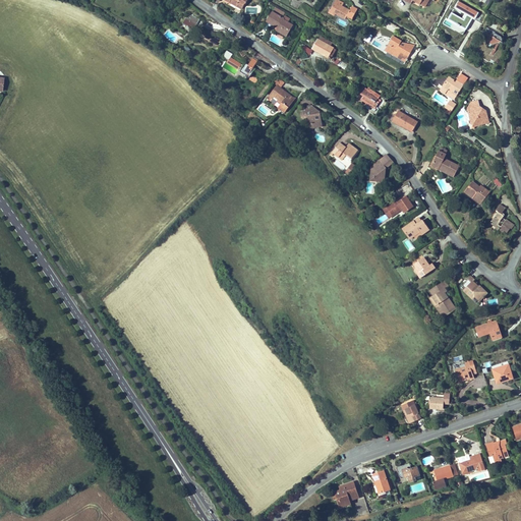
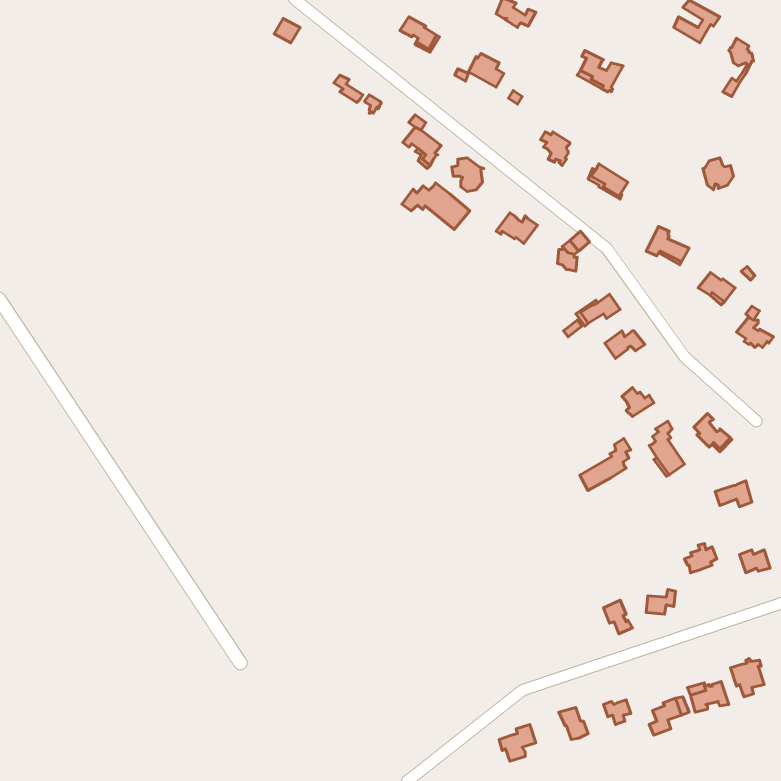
building: [430,72,467,98] -> none
building: none -> [402,183,470,230]
building: none -> [580,438,631,490]

